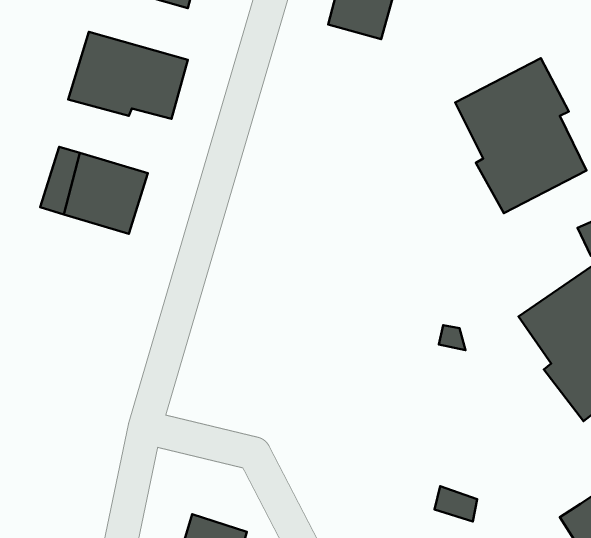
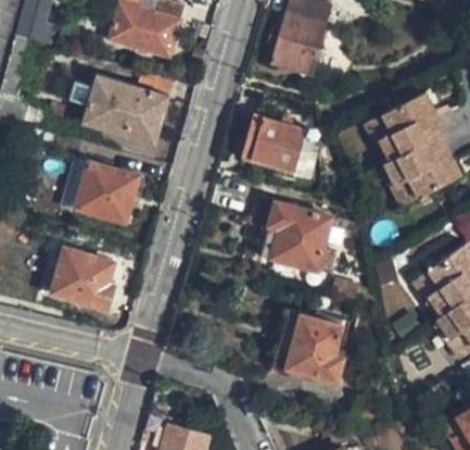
building: none -> [243,118,315,177]
building: none -> [262,207,333,272]
building: none -> [50,245,115,307]
building: none -> [288,317,345,384]

